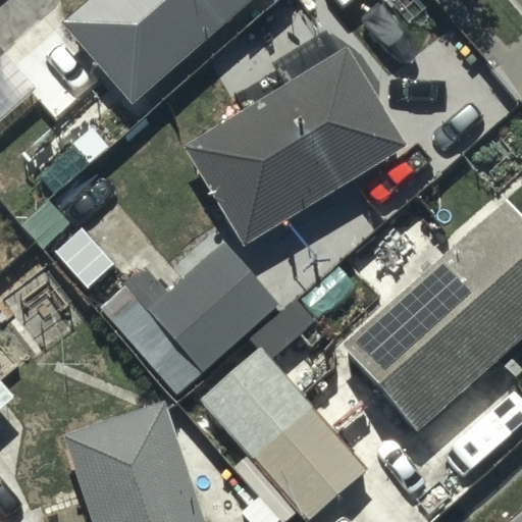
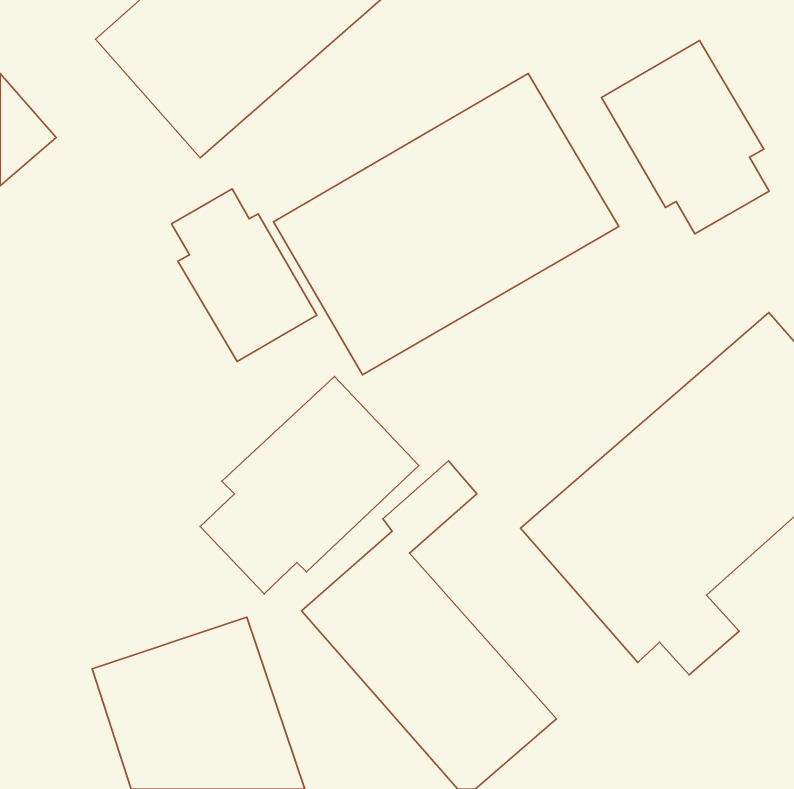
building: none -> [601,41,769,234]
building: none -> [172,189,317,361]

